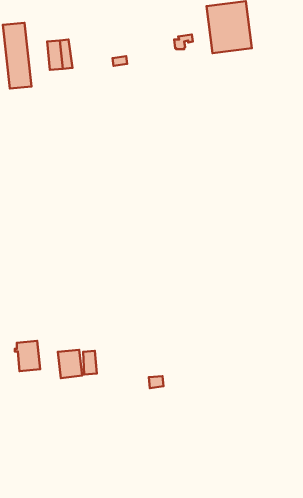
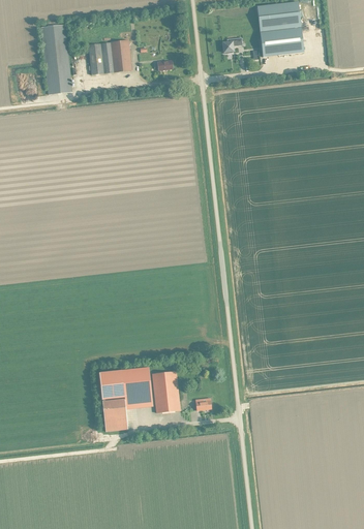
building: none -> [111,40,131,72]
building: [15,341,40,371] -> [100,399,127,431]
building: none -> [152,371,180,412]

